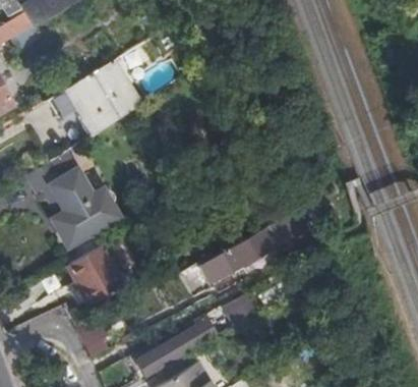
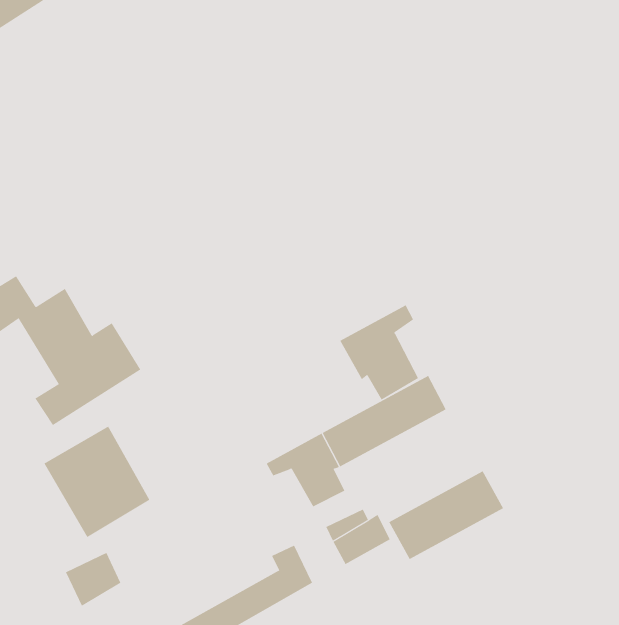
building: [49,61,143,136] -> none
building: none -> [340,305,419,400]
building: none -> [388,471,504,560]

